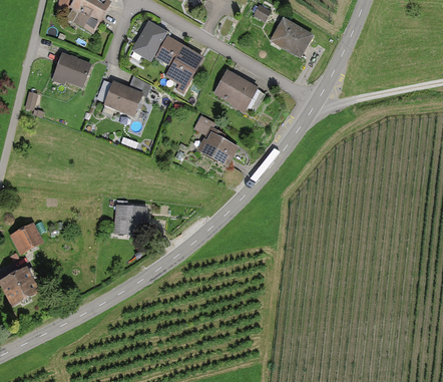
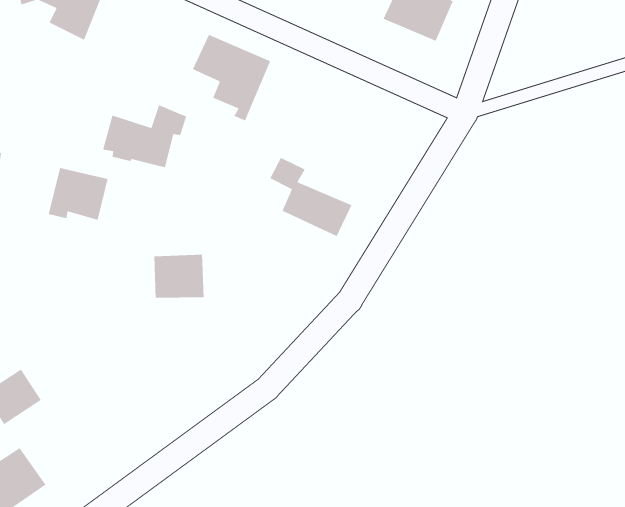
building: [131,22,166,60] -> none
building: [52,52,90,86] -> [48,167,109,221]
building: [212,69,257,110] -> none
building: [115,205,146,233] -> [154,254,204,298]

